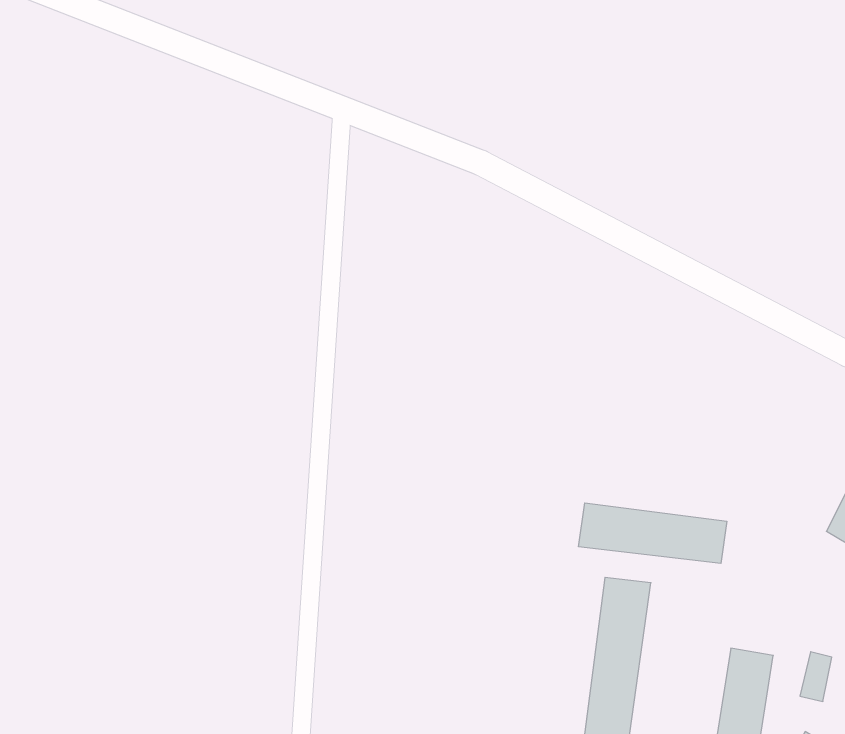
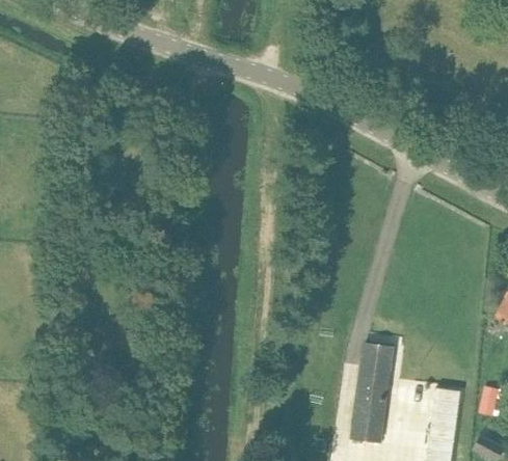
building: [579,503,727,563] -> none

